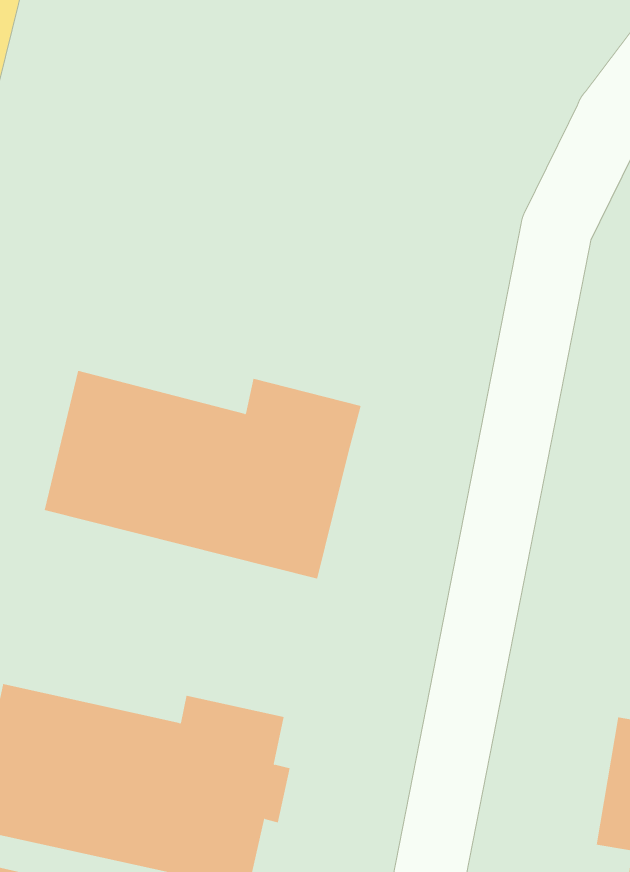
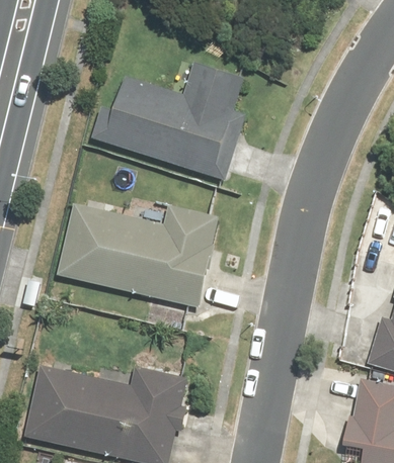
building: none -> [92,61,250,185]

